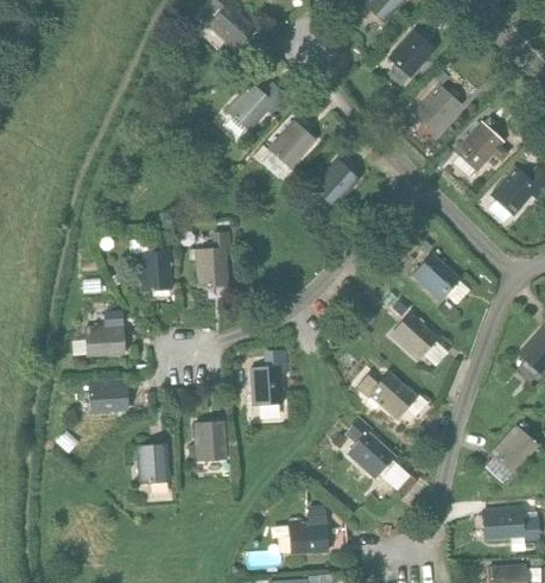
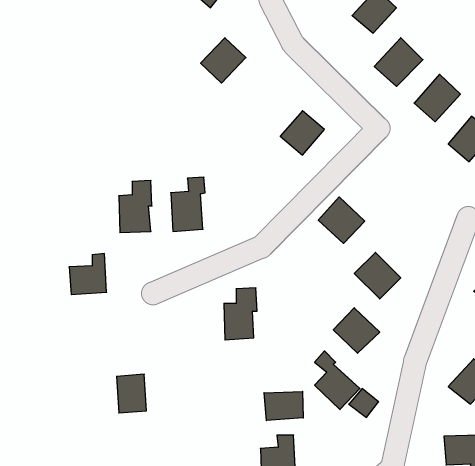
building: [268,118,317,167] -> none
building: [411,251,461,300] -> [318,197,365,243]
building: [88,380,129,413] -> none
building: [192,420,227,461] -> none
building: none -> [264,391,303,421]

